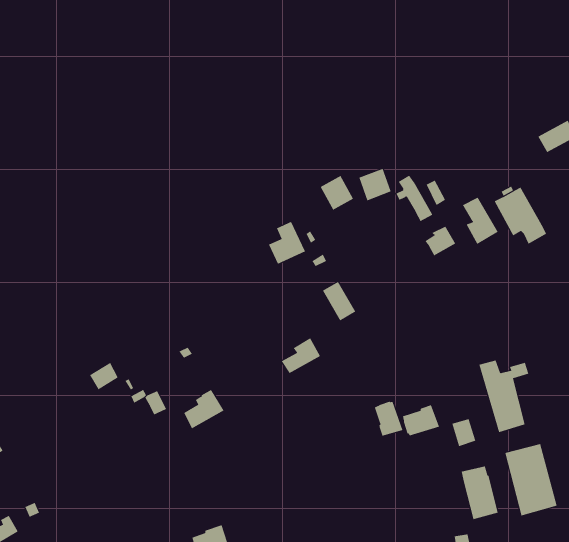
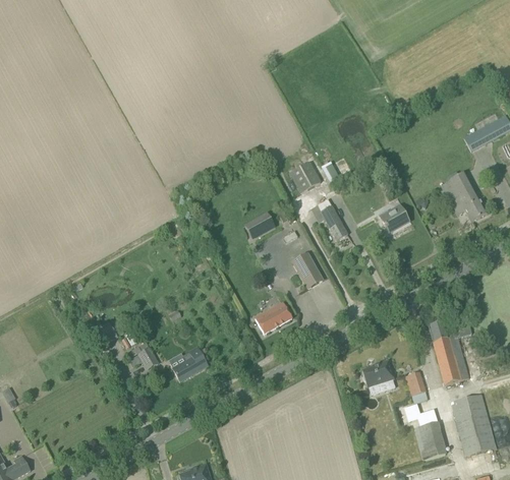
building: [396,175,433,222] -> [315,198,347,239]
building: [462,197,499,245] -> none
building: [374,401,403,437] -> none

